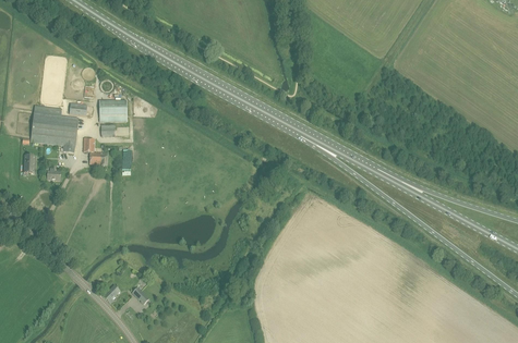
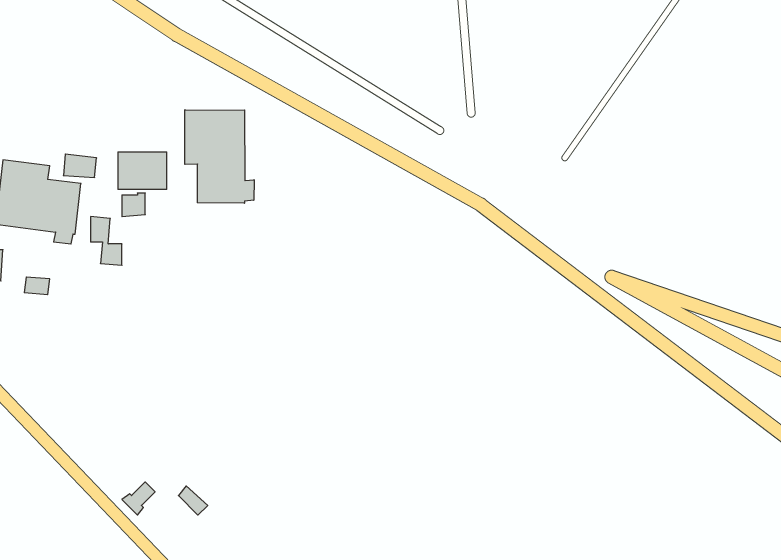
building: none -> [185,110,254,203]

